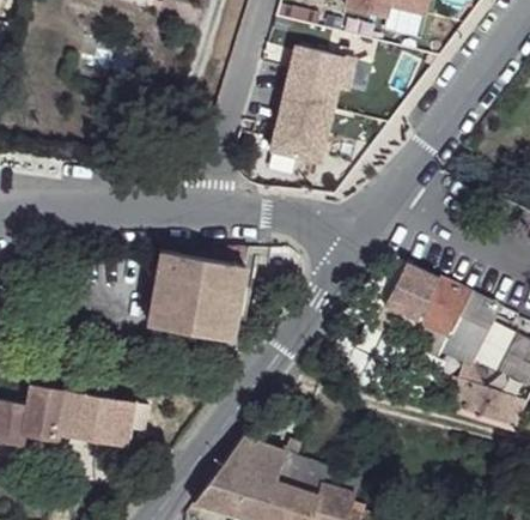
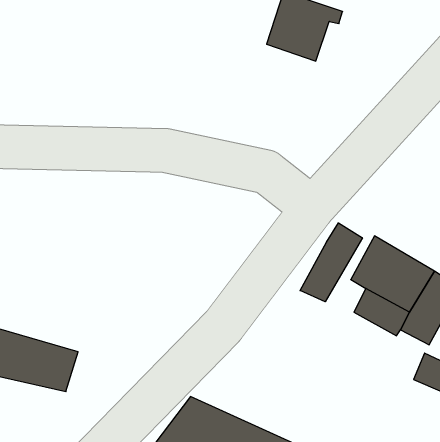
building: [274,92,336,157] -> none
building: [138,255,245,343] -> none
building: none -> [300,223,362,302]

